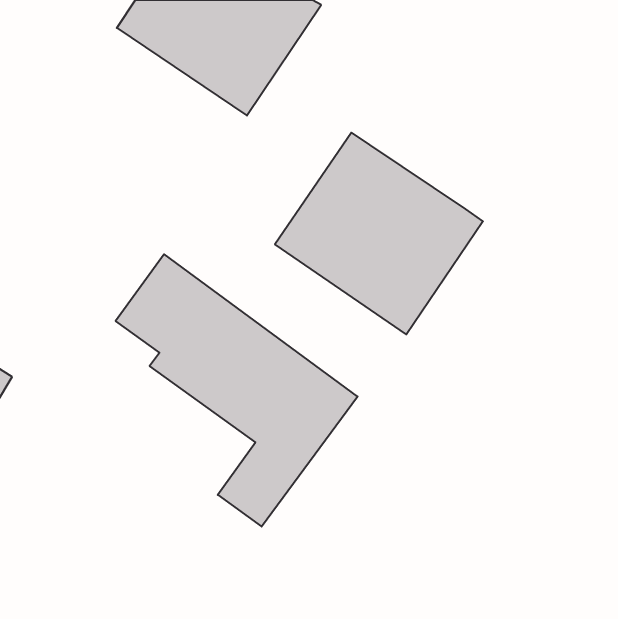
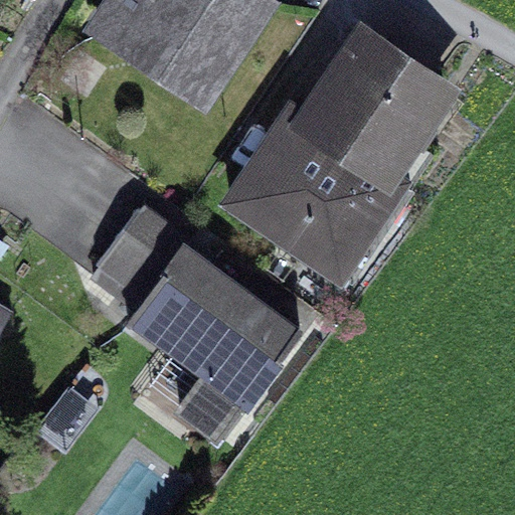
building: none -> [306,39,442,175]

